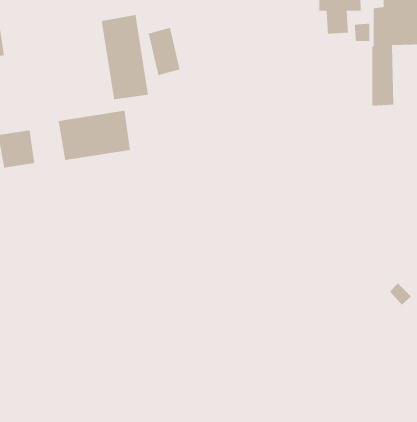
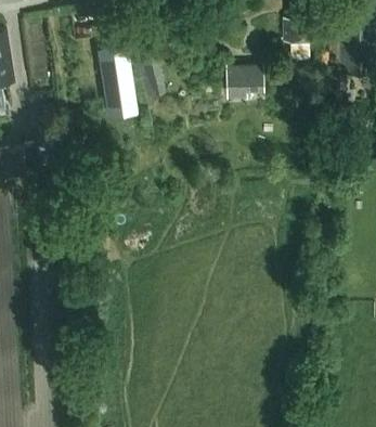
building: none -> [225,65,264,99]
building: [58,110,131,161] -> none

